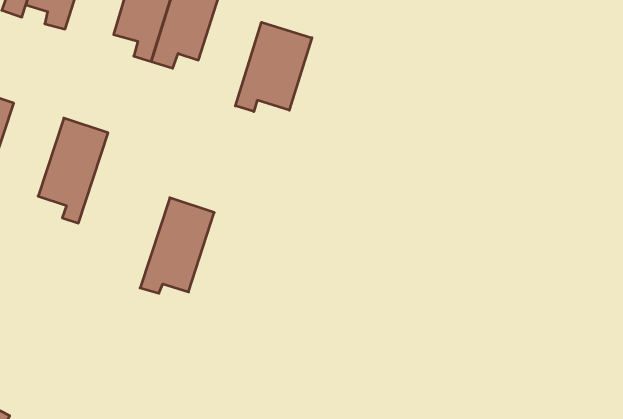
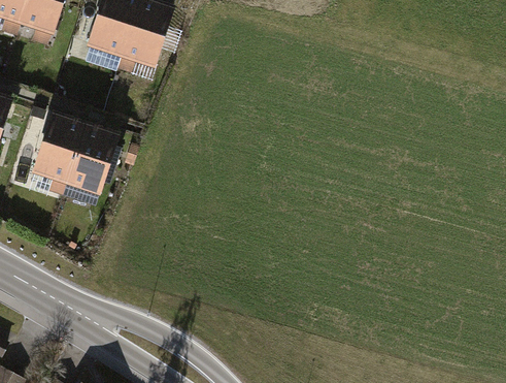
building: [235,22,312,112] -> none
building: [140,198,214,293] -> [61,125,117,198]

